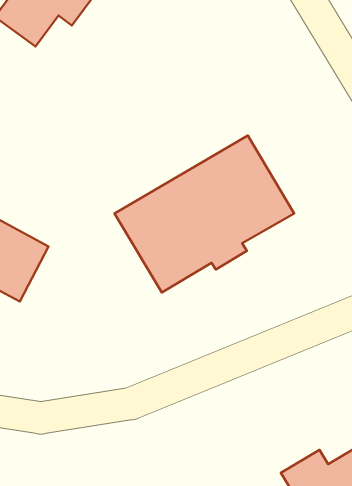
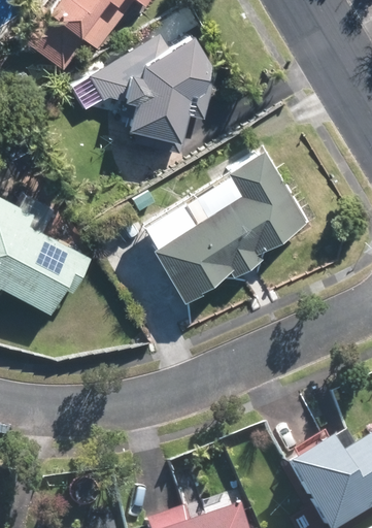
building: none -> [91,35,215,155]

